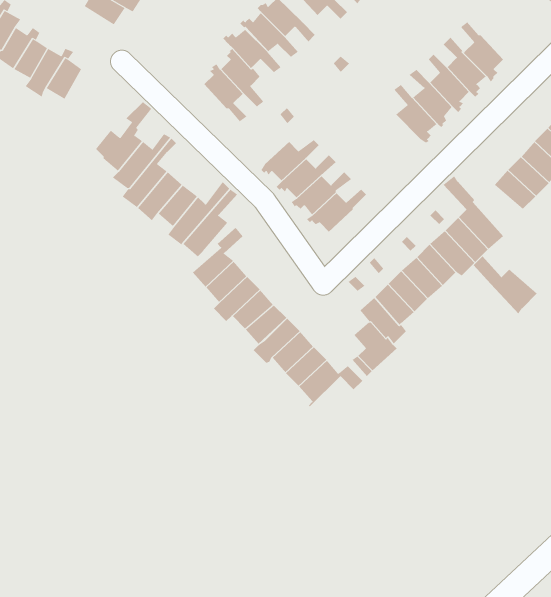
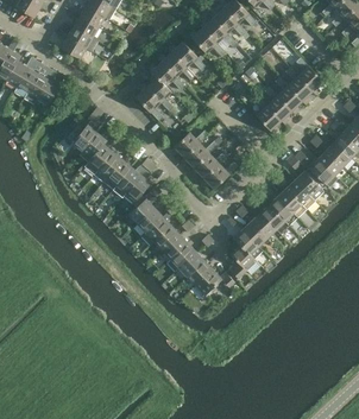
building: [473,256,538,315] -> [295,151,335,188]

